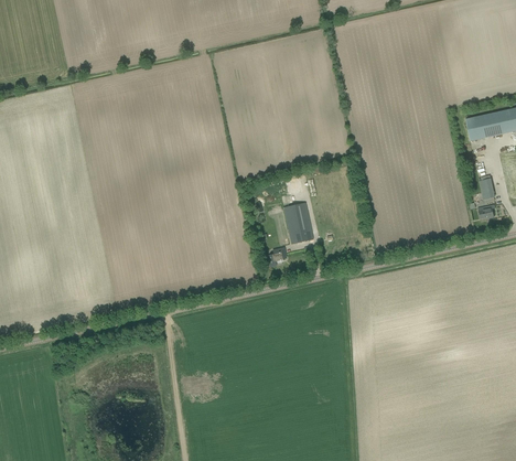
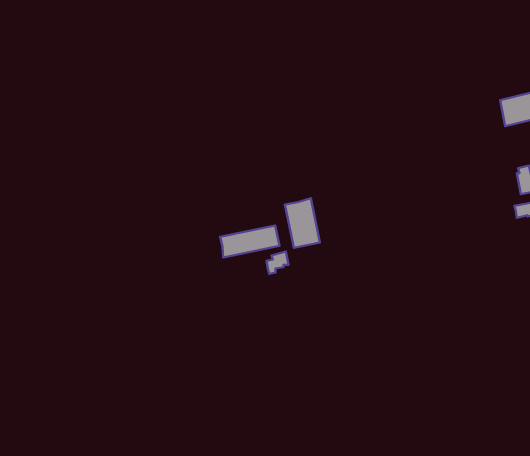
building: none -> [220,226,280,257]

